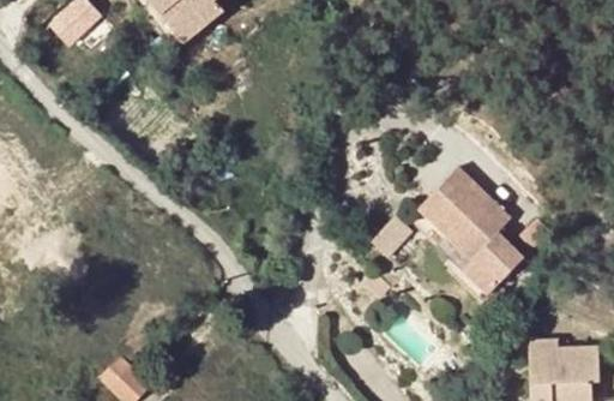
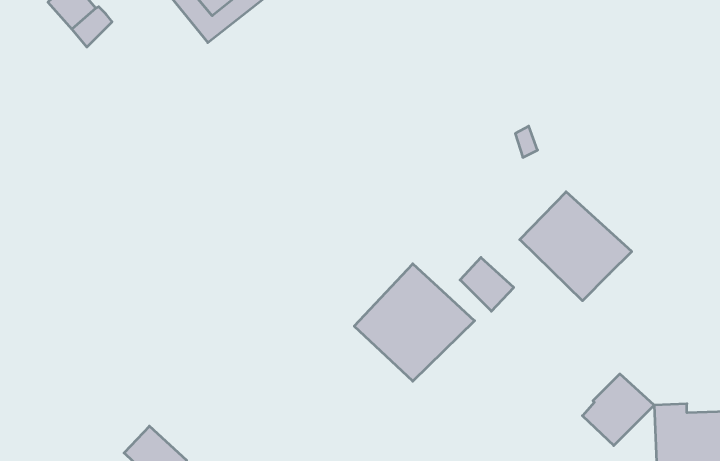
building: none -> [354,264,475,381]
building: [463,235,520,293] -> [582,374,654,446]

